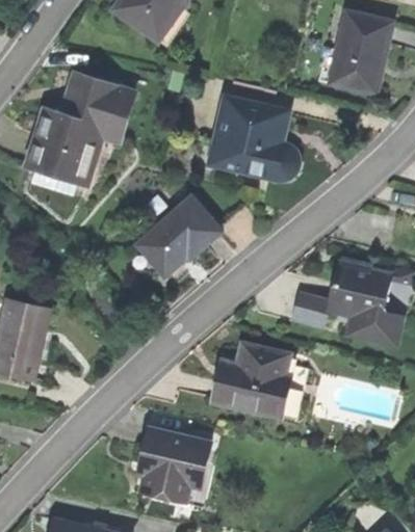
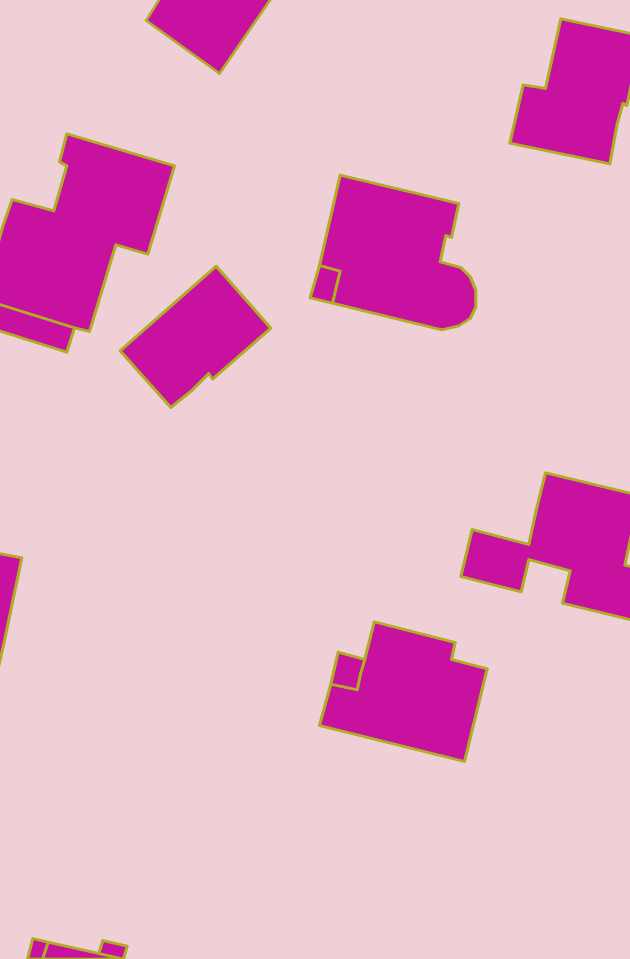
building: [137,198,221,276] -> [120,266,271,407]
building: [139,427,212,502] -> none

